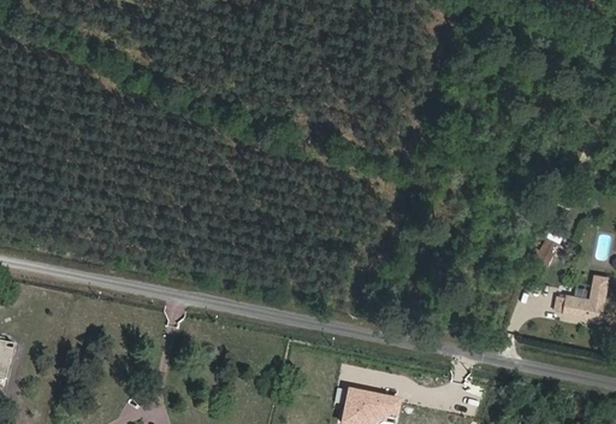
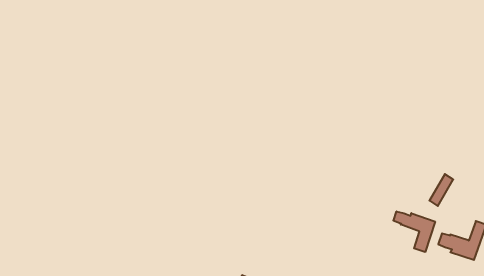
building: none -> [393,211,435,252]

